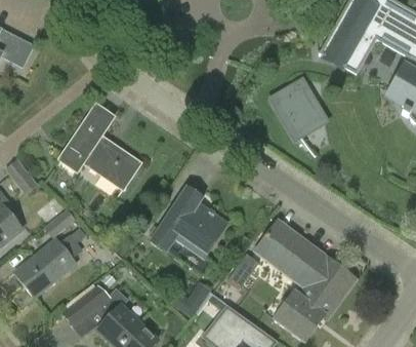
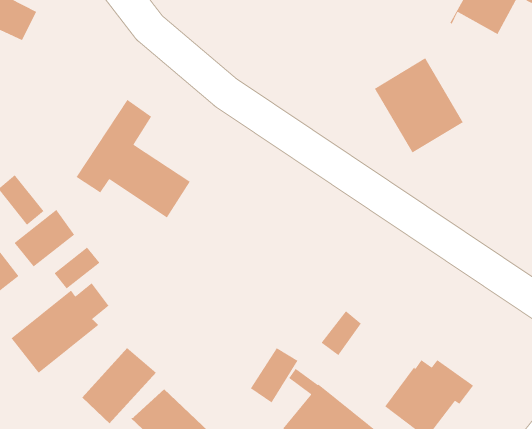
building: none -> [13,209,75,268]
building: [151,186,226,257] -> none
building: [254,219,356,304] -> none

